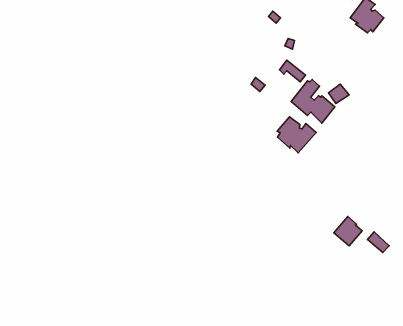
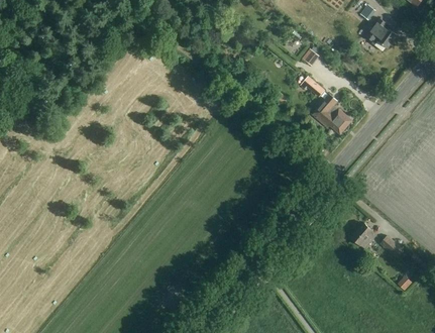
building: [277,117,316,153] -> none

